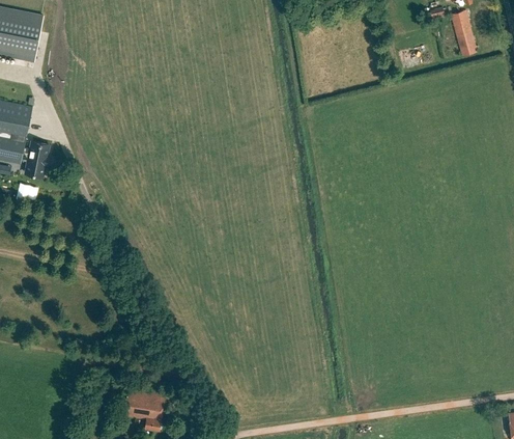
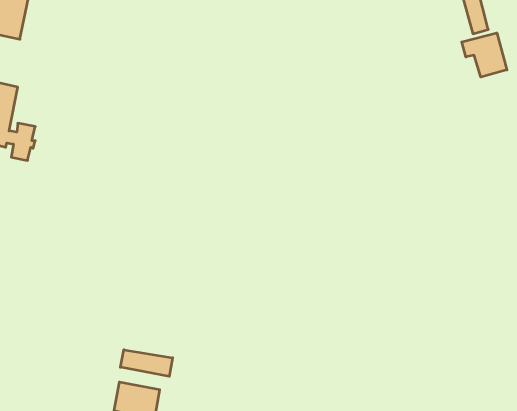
building: none -> [462,33,507,77]
building: none -> [120,350,173,376]

